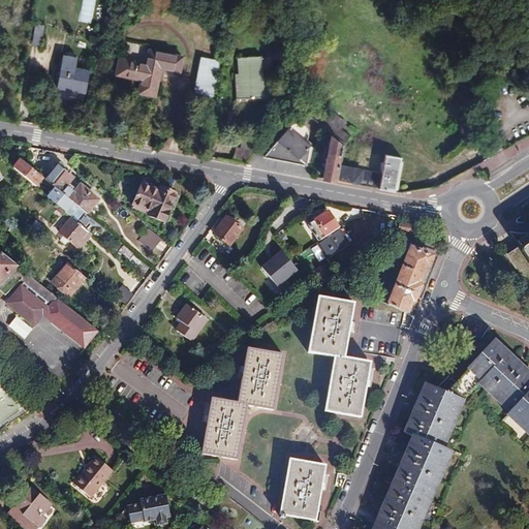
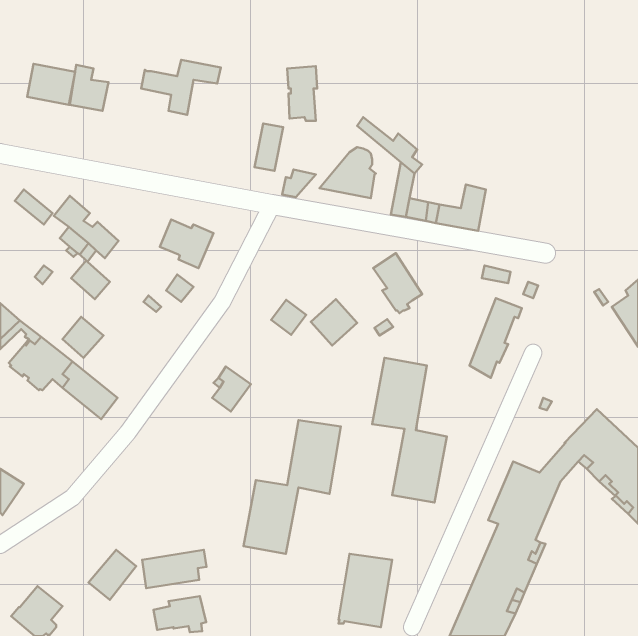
building: none -> [27,64,75,105]
building: [195,56,219,95] -> [255,123,283,171]
building: [213,216,242,245] -> [271,300,306,335]
building: none -> [142,550,206,588]

